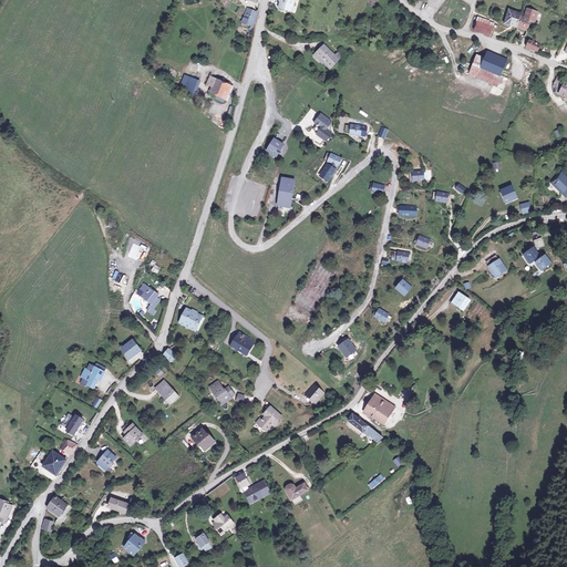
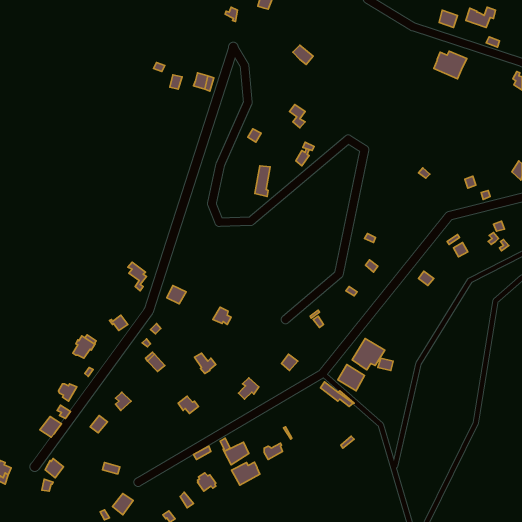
building: none -> [352,339,385,370]
building: none -> [232,462,260,485]

